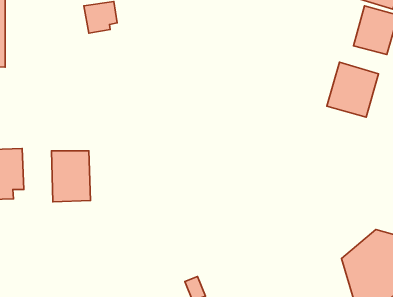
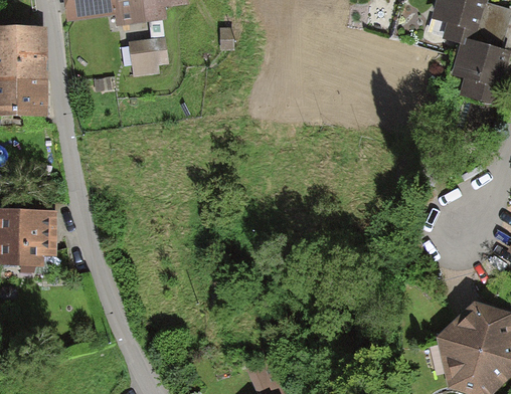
building: [327,62,378,117] -> none
building: [51,151,91,202] -> none

